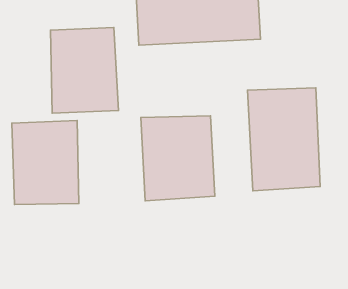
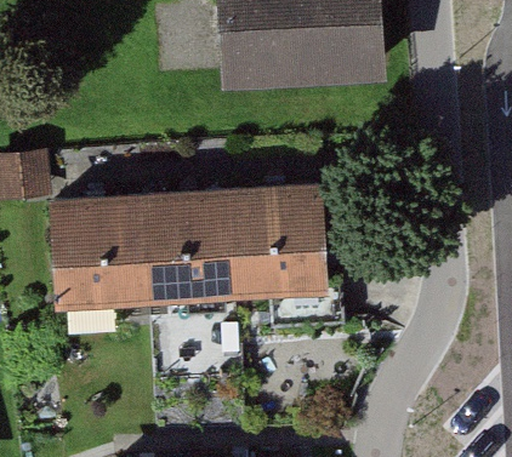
building: [50,28,118,113] -> [140,190,232,307]
building: [247,88,320,191] -> none

